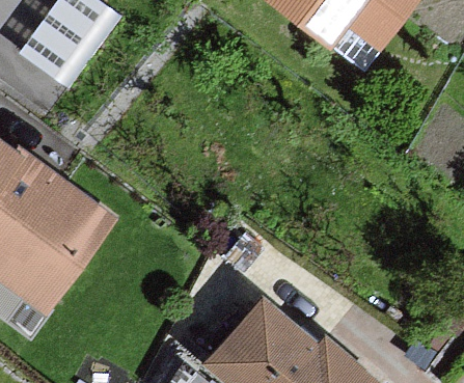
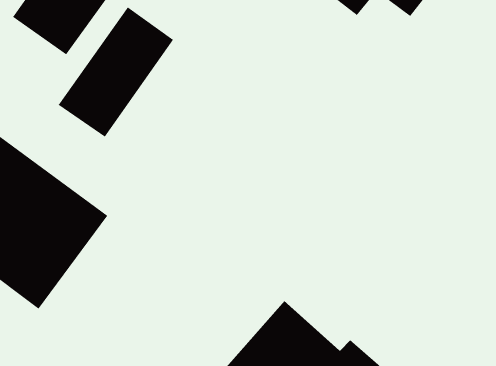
building: none -> [58,7,174,137]

